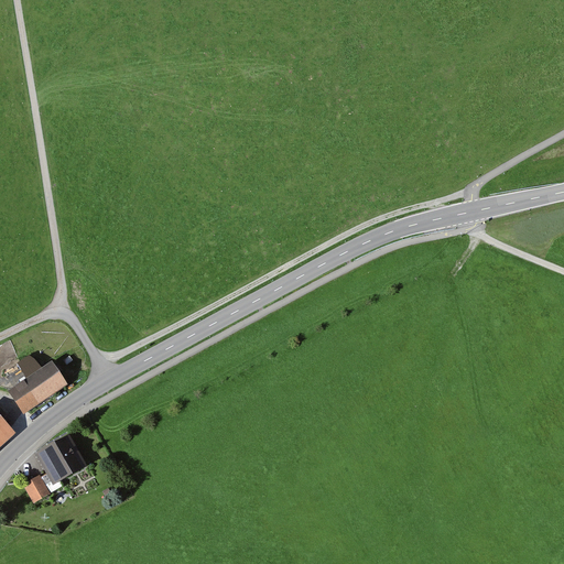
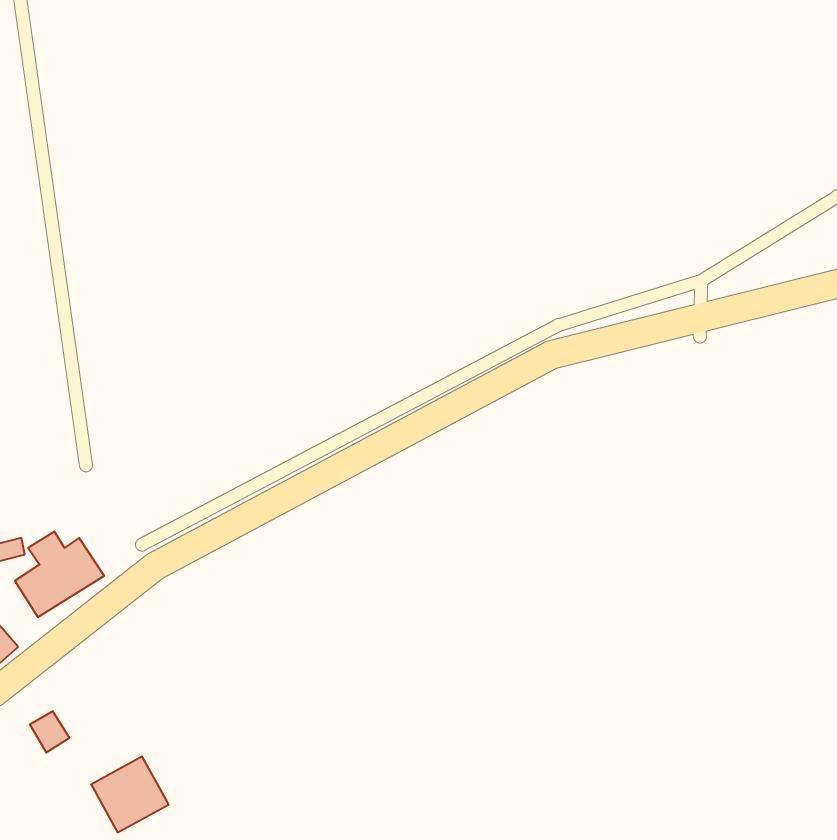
building: [32,434,84,485] -> [91,757,169,832]

